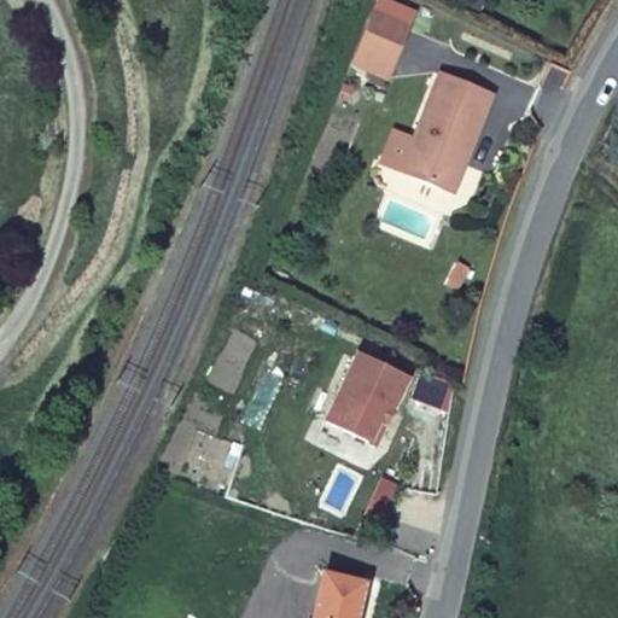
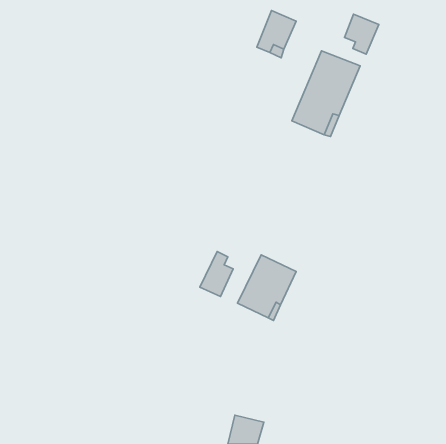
building: none -> [345,14,379,54]
building: none -> [200,252,233,297]

